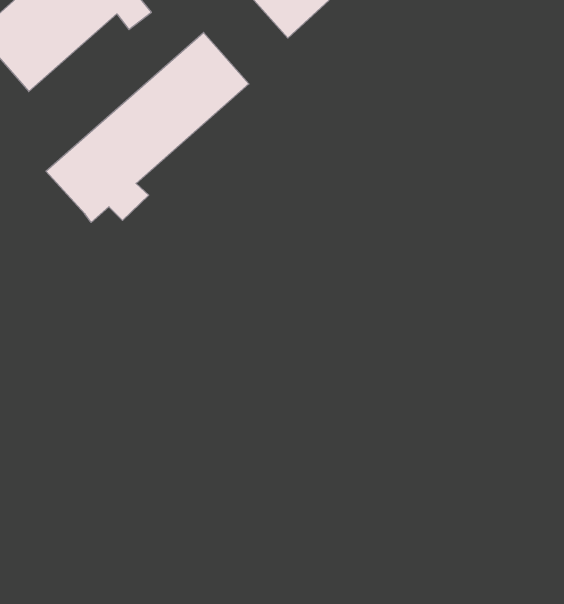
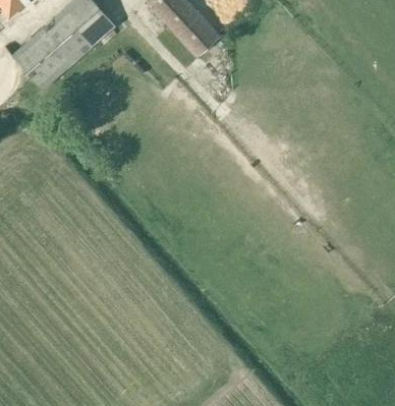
building: [46,32,249,222] -> none

